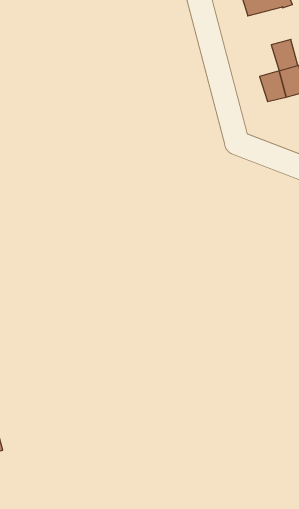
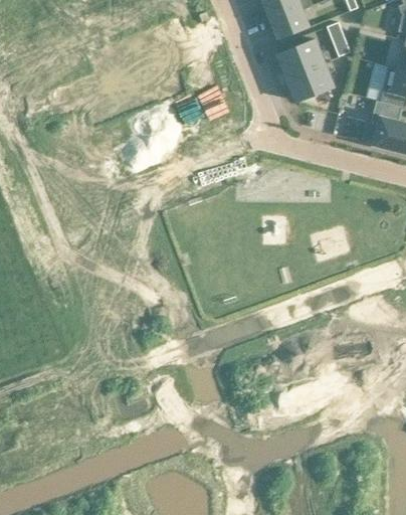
building: none -> [272,8,312,38]
building: none -> [280,45,308,76]

